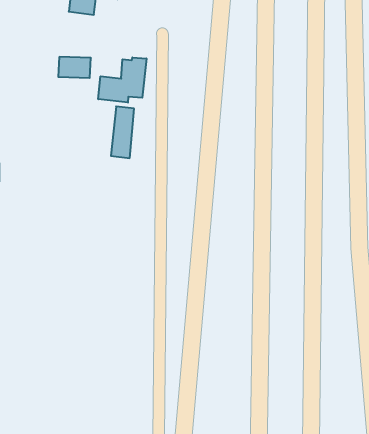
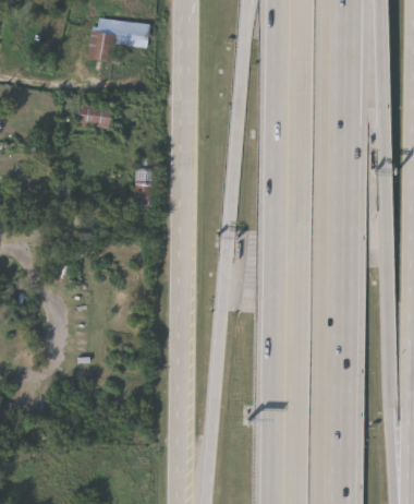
building: [98,57,146,103] -> none

